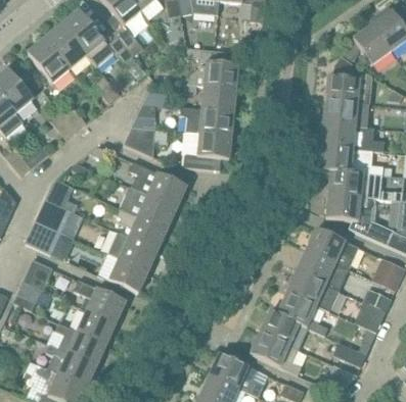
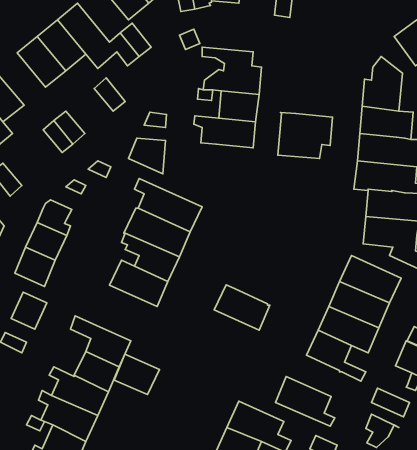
building: [184,131,231,170] -> [278,112,333,159]
building: [109,258,148,293] -> [114,354,159,394]
building: [260,310,308,349] -> [214,285,270,330]

